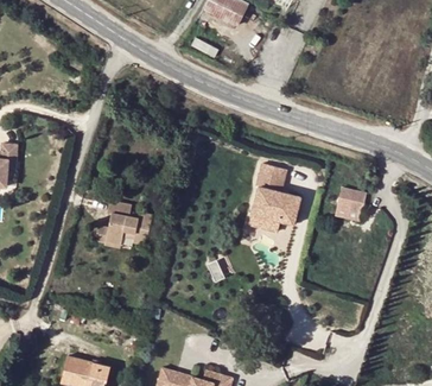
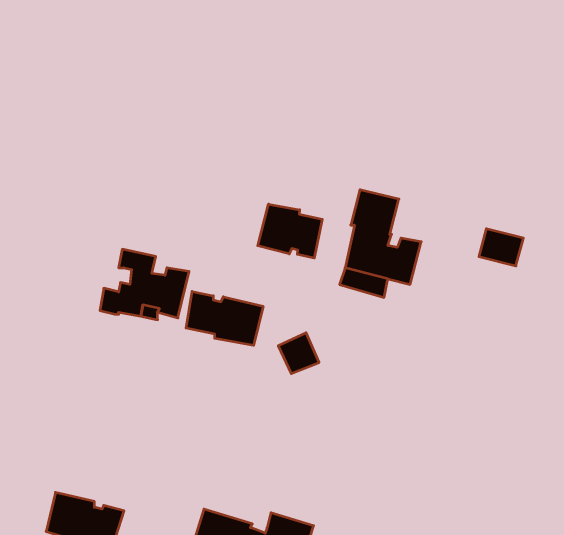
building: none -> [258,204,322,258]
building: none -> [186,291,263,345]

